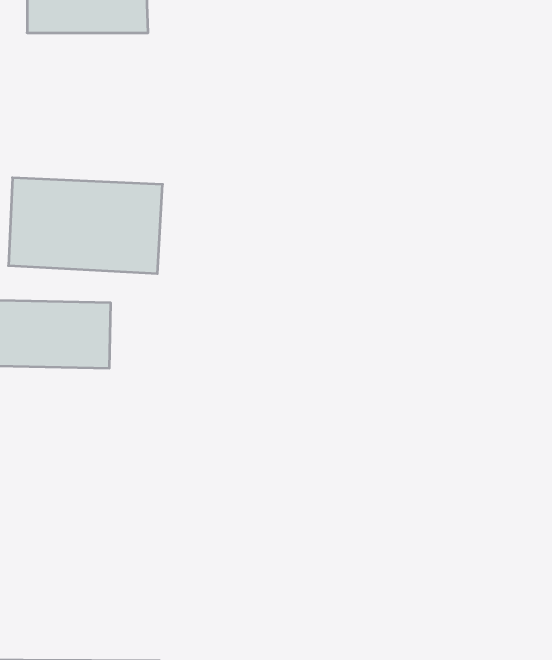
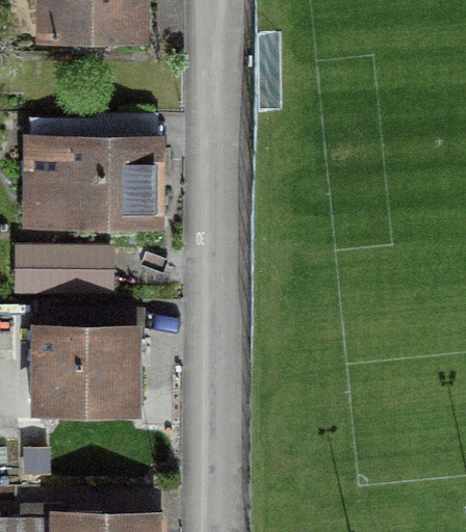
building: none -> [38,334,141,426]

